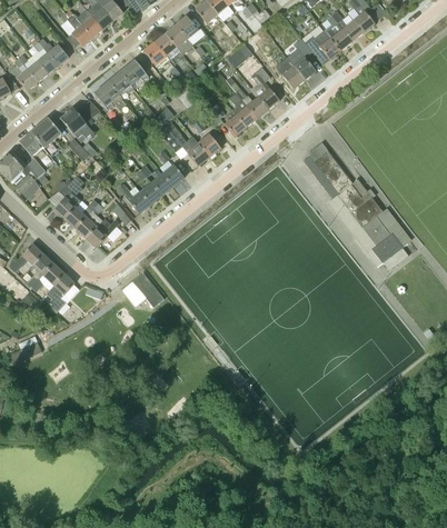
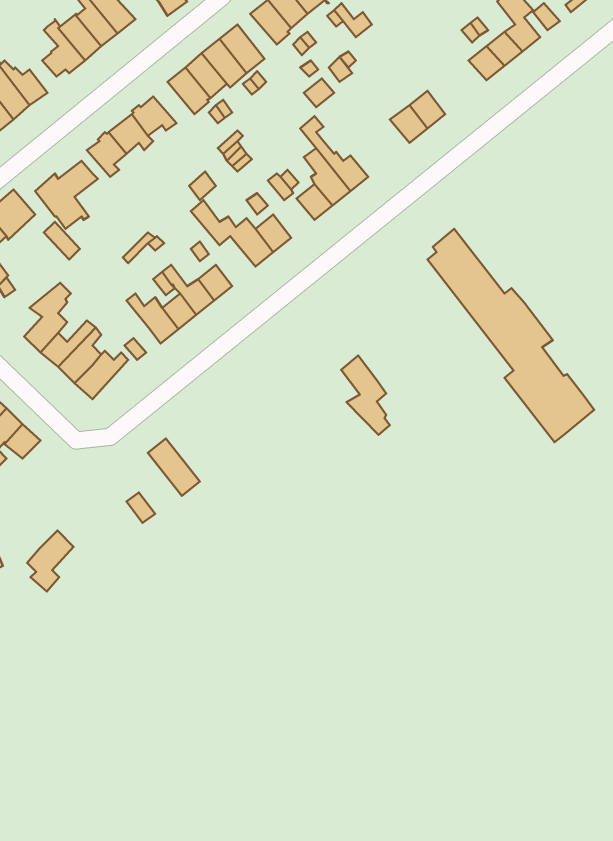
building: [304,30,340,60] -> none
building: [249,67,278,110] -> none
building: none -> [341,355,390,435]
building: [44,273,73,311] -> [27,531,74,592]

